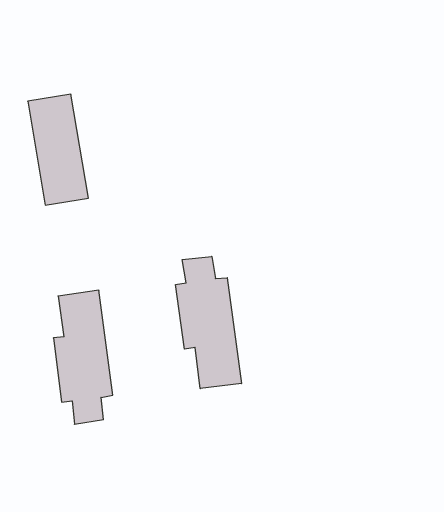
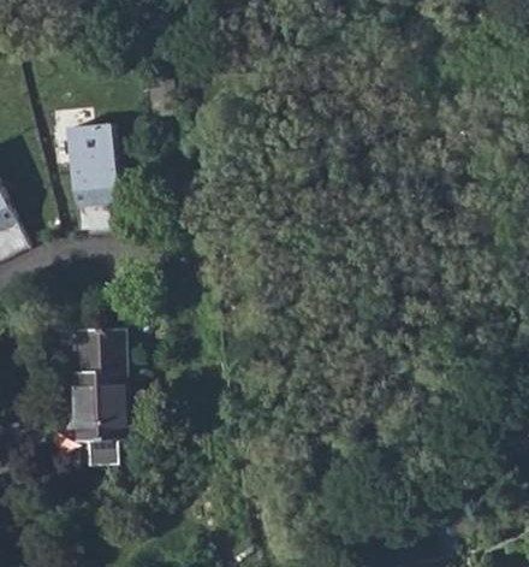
building: [176,256,241,389] -> none

